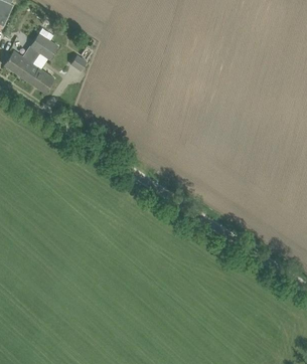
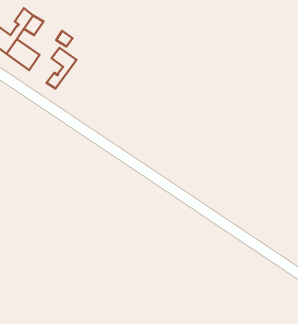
building: none -> [47,48,76,89]

